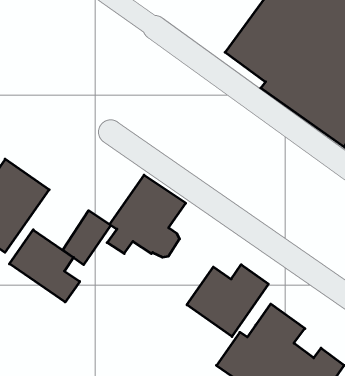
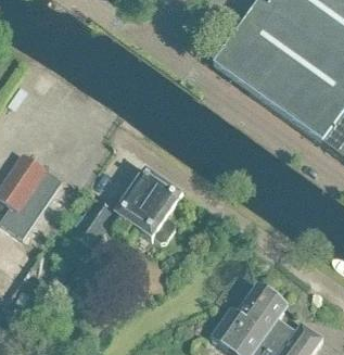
building: [9,230,80,302] -> none
building: [187,265,268,337] -> none

